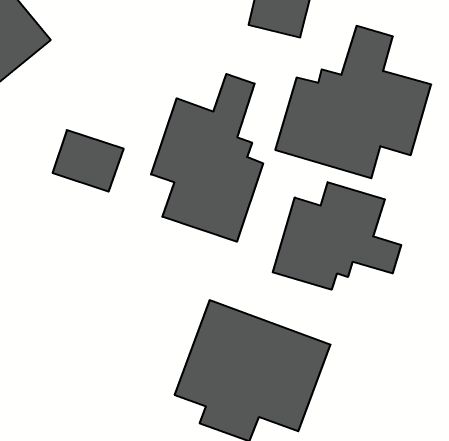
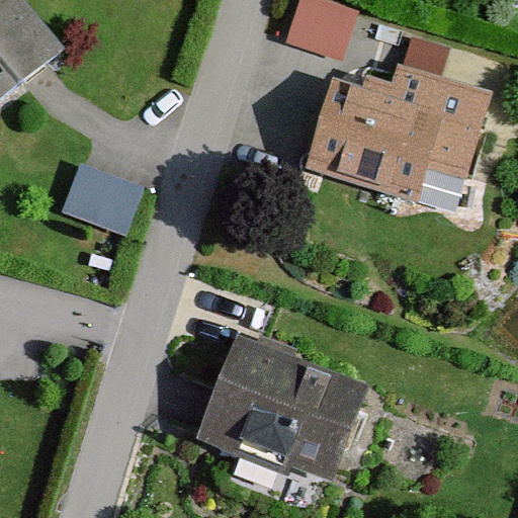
building: [151,74,263,242] -> none
building: [273,182,401,290] -> none

